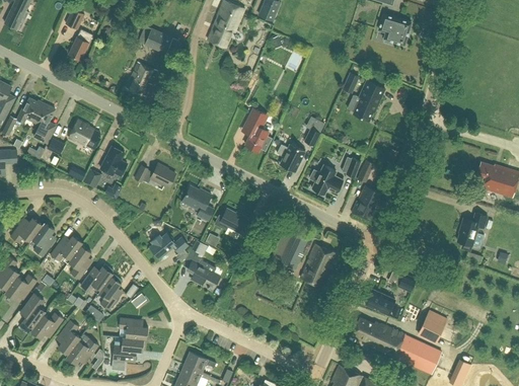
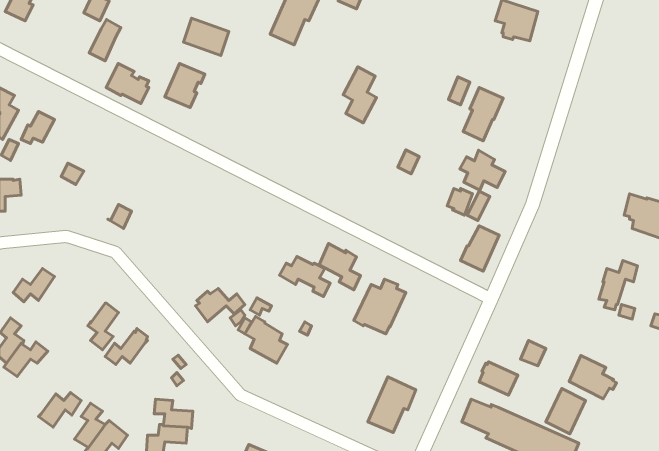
building: [32,104,56,143] -> none
building: [242,108,268,151] -> [343,67,377,123]
building: [67,119,99,149] -> [106,63,149,103]
building: [281,143,307,172] -> none
building: [100,145,126,175] -> none
building: [134,162,174,185] -> none
building: [308,164,343,195] -> [460,150,505,190]
building: [181,184,213,220] -> [319,243,360,290]
building: [31,222,54,256] -> none
building: [50,235,82,260] -> none
building: [299,243,336,286] -> [368,377,416,433]
building: [97,275,121,310] -> none
building: none -> [569,355,616,399]
building: [19,294,45,328] -> none

